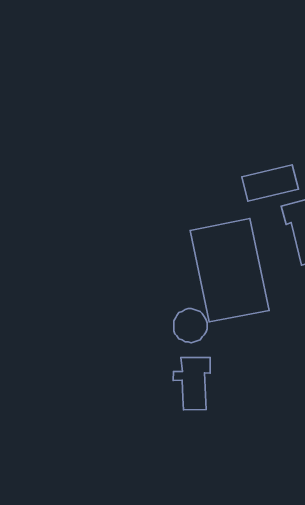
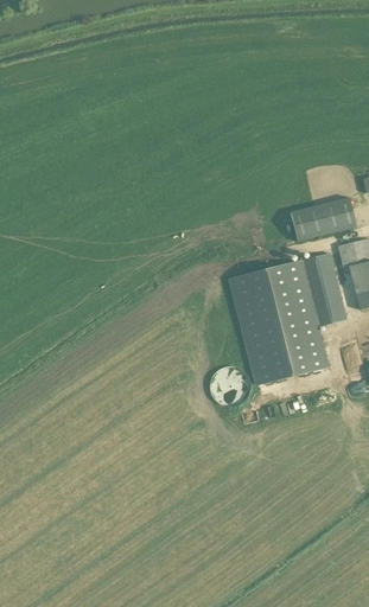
building: none -> [300,254,346,327]
building: [173,357,210,410] -> none

